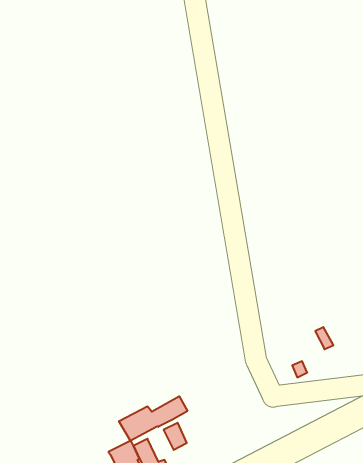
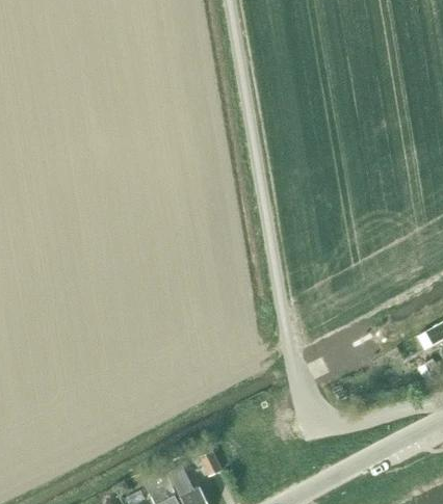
building: [119,396,187,441] -> none

